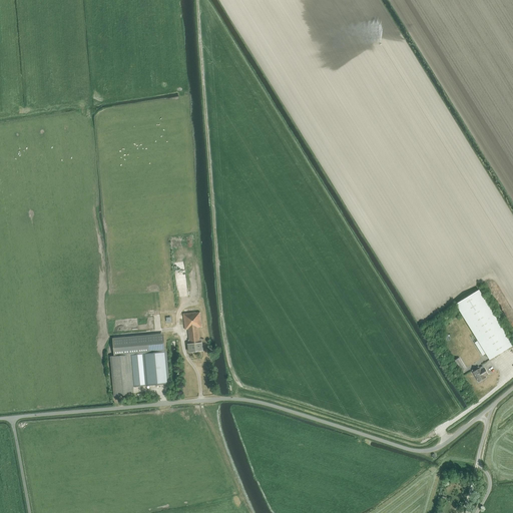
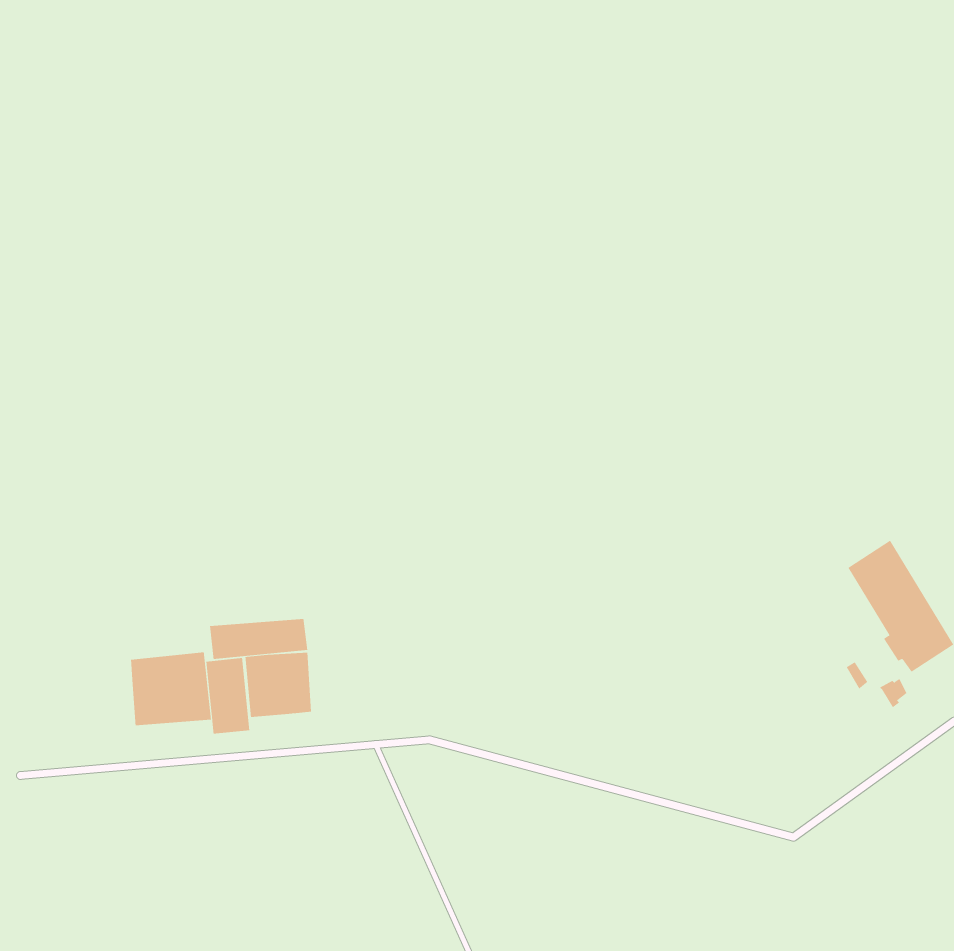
building: [183,311,202,350] -> none
building: none -> [131,652,211,726]

